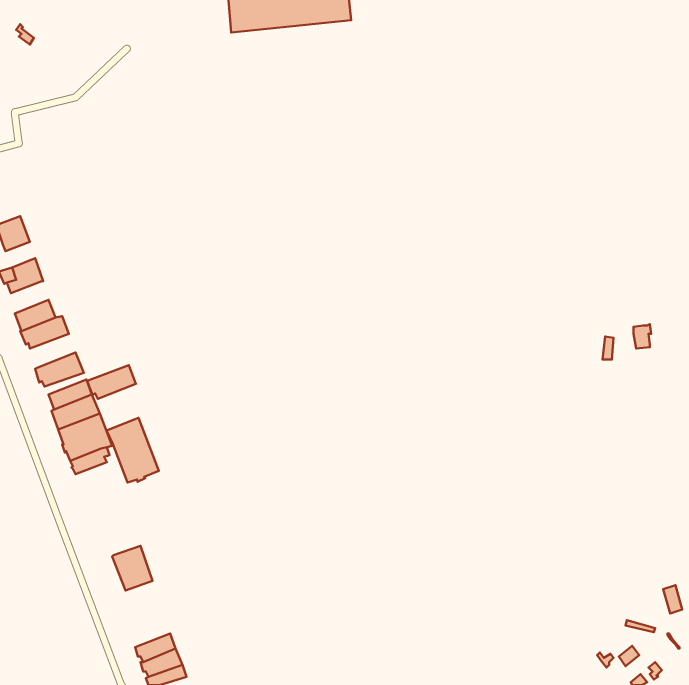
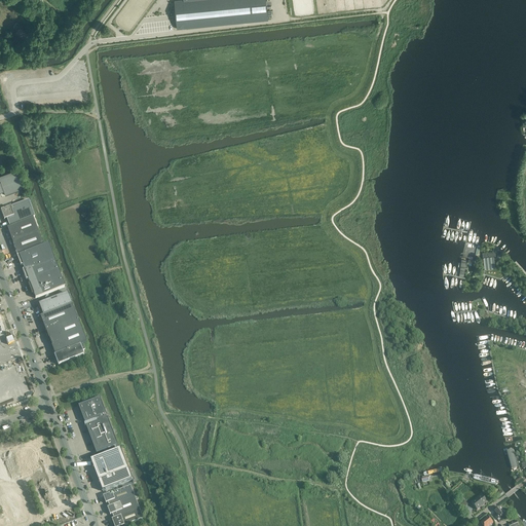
building: none -> [5,214,37,238]
building: [87,365,136,399] -> [21,254,58,279]
building: [106,418,159,483] -> none
building: none -> [78,394,107,422]
building: none -> [89,445,132,488]

